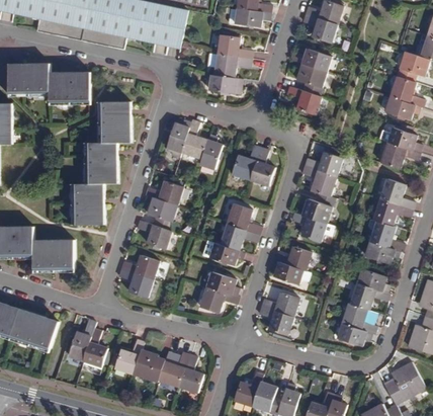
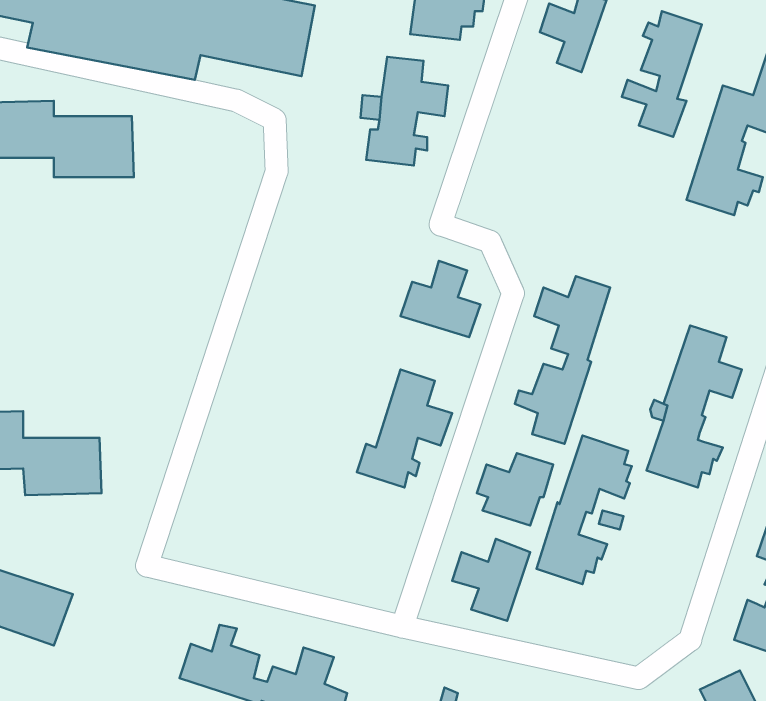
building: [286,50,329,116] -> [622,11,702,137]
building: [74,101,129,225] -> none
building: [165,120,222,171] -> none
building: [377,126,419,169] -> none
building: [140,180,187,252] -> none
building: [118,256,159,300] -> none
building: [337,268,387,347] -> [537,436,632,584]
building: [199,270,238,314] -> none
building: [67,327,107,365] -> none

